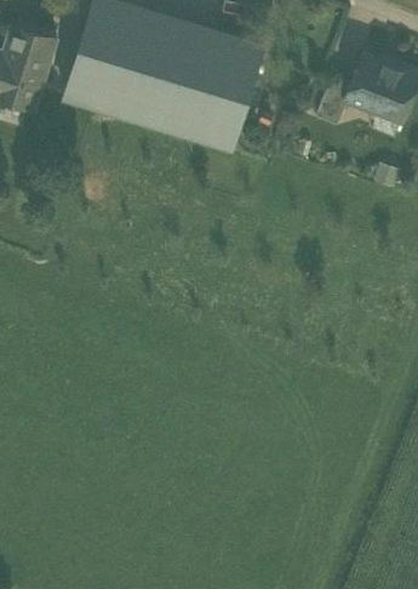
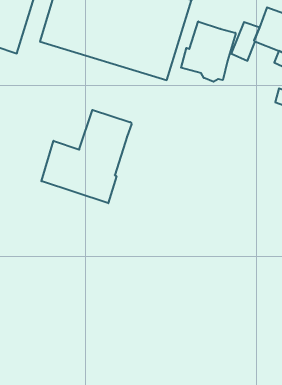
building: none -> [181,21,236,82]
building: none -> [41,110,131,203]

